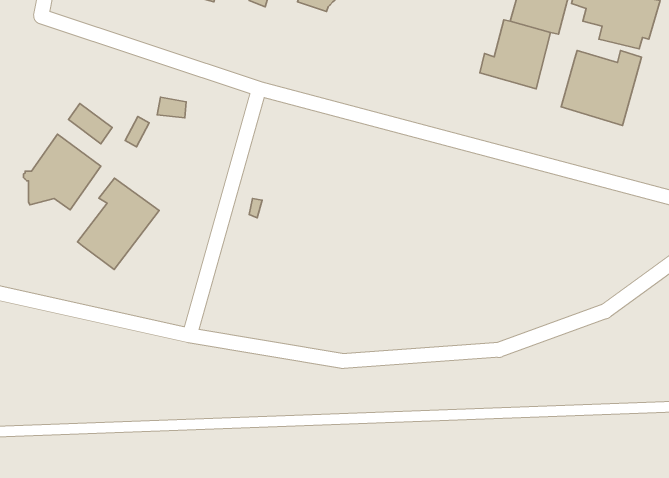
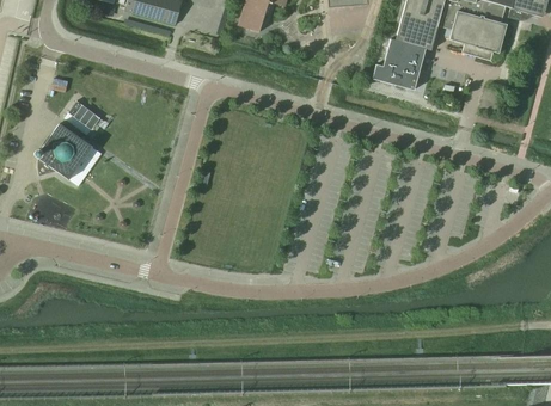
building: [561,50,641,126] -> none
building: [78,178,159,269] -> none

